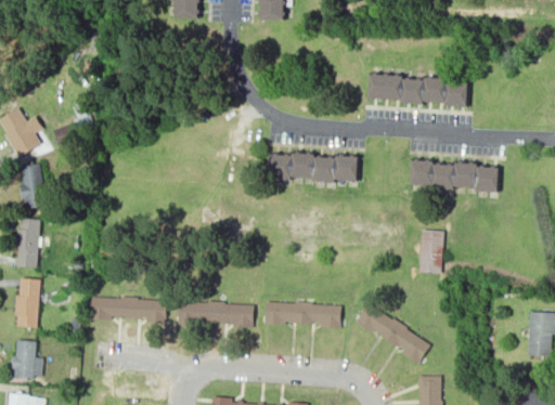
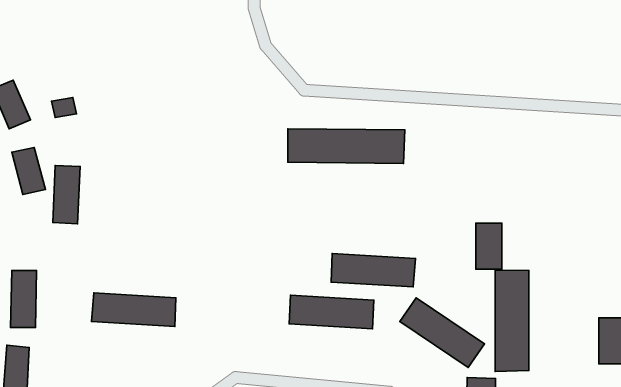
building: [365,77,467,107] -> none
building: [412,161,502,192] -> none
building: [17,219,41,270] -> [53,165,80,224]
building: none -> [495,270,529,371]
building: [178,297,251,326] -> [331,253,416,287]

